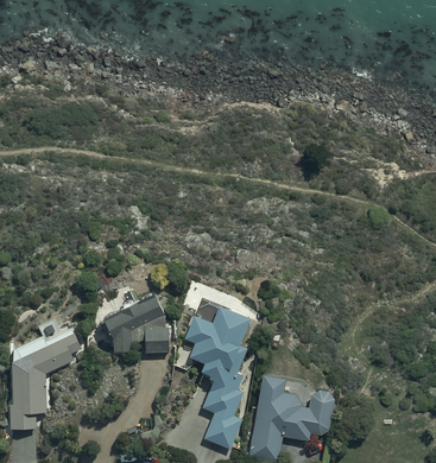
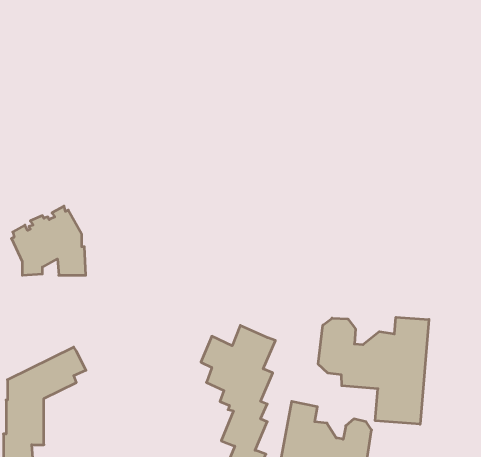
building: [103,296,169,356] -> [11,206,86,275]
building: none -> [318,317,429,424]

